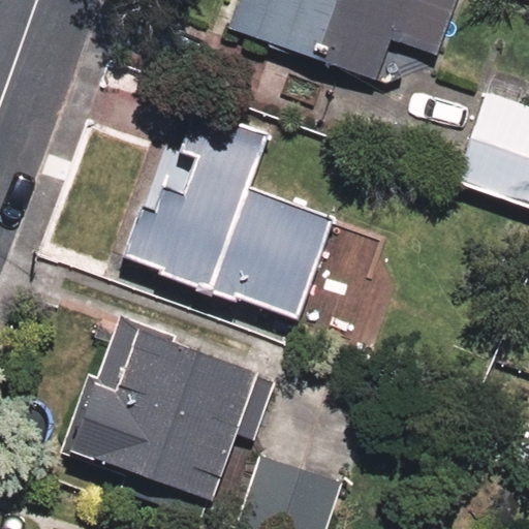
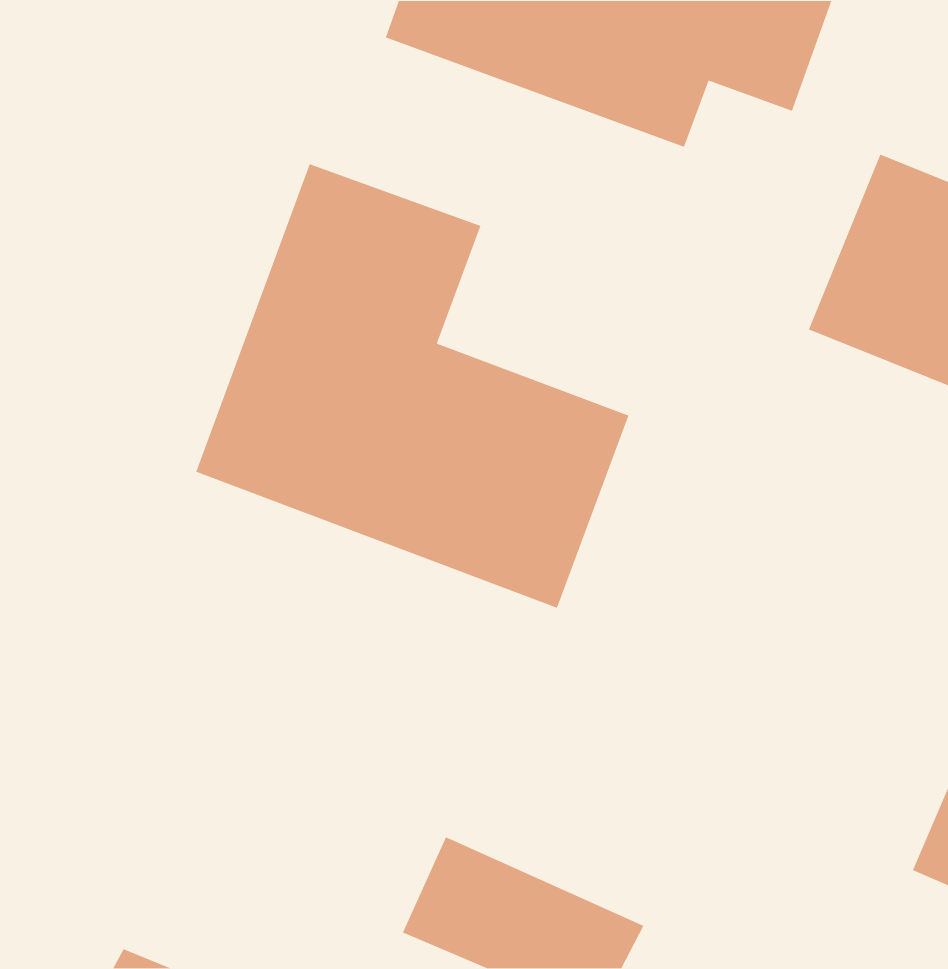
building: [66,322,273,502] -> none

